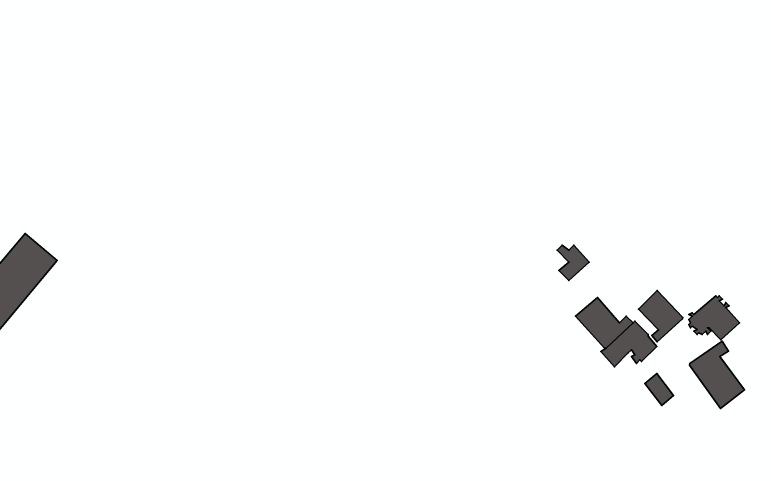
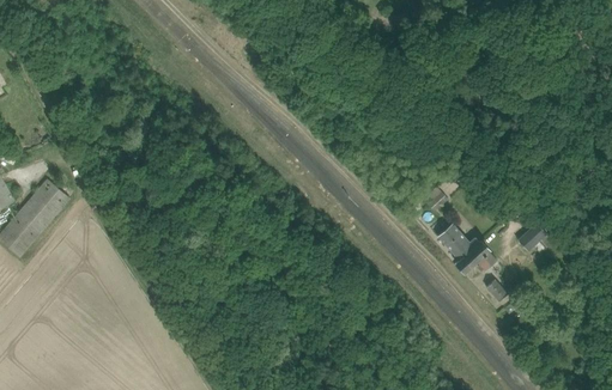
building: [638,290,683,342] -> none
building: [690,341,745,408] -> none

